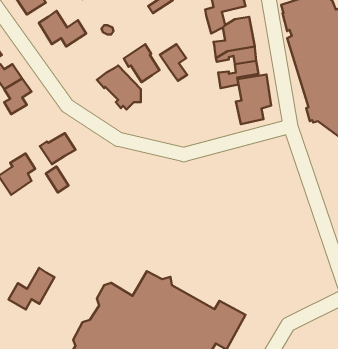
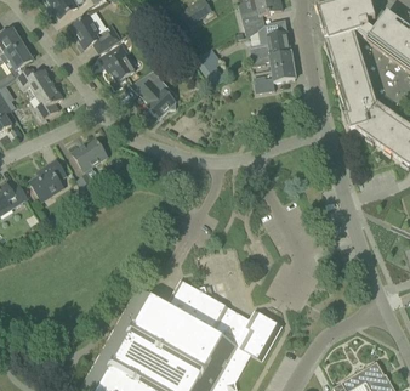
building: [124,44,159,82] -> [98,41,135,80]
building: [236,74,271,124] -> none
building: [9,268,55,310] -> none

